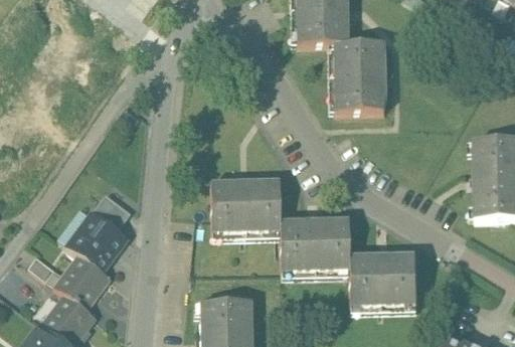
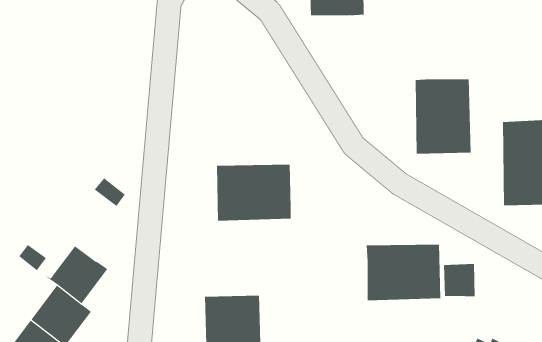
building: [334,41,386,111] -> [415,79,472,154]
building: [67,212,125,269] -> none
building: [281,217,350,270] -> none
building: none -> [440,263,475,297]

